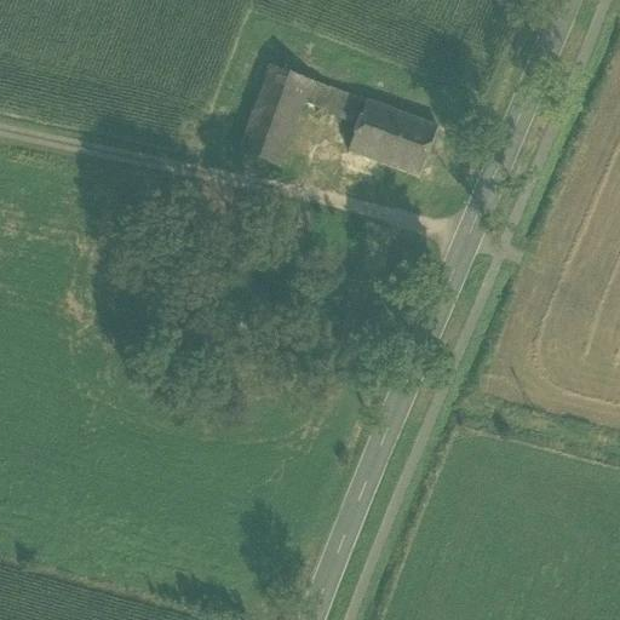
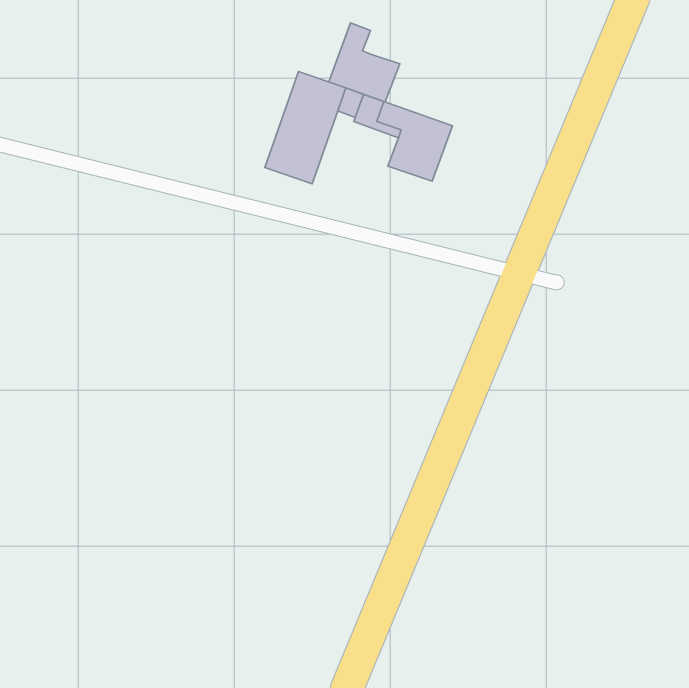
building: none -> [329,23,400,102]
building: [389,113,438,174] -> none

